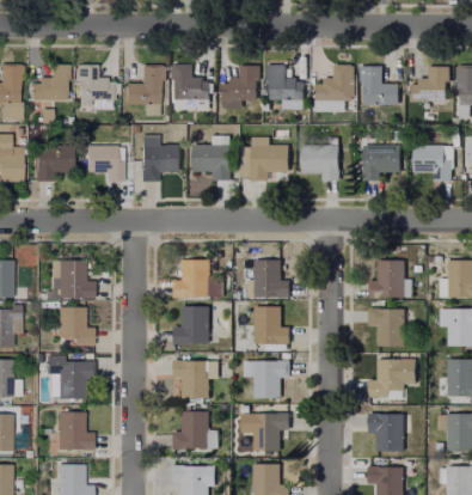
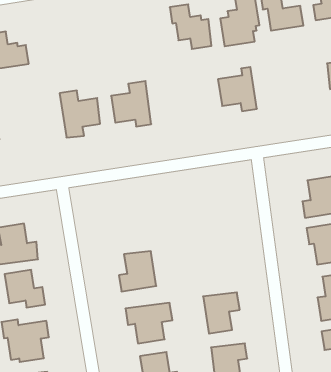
building: [127,63,164,115] -> none
building: [170,65,207,110] -> none
building: [220,66,258,109] -> none
building: [251,138,288,181] -> none
building: [86,145,123,179] -> none
building: [363,145,399,179] -> none
building: [172,259,220,298] -> none
building: [246,261,288,298] -> none
building: [253,306,289,344] -> none

